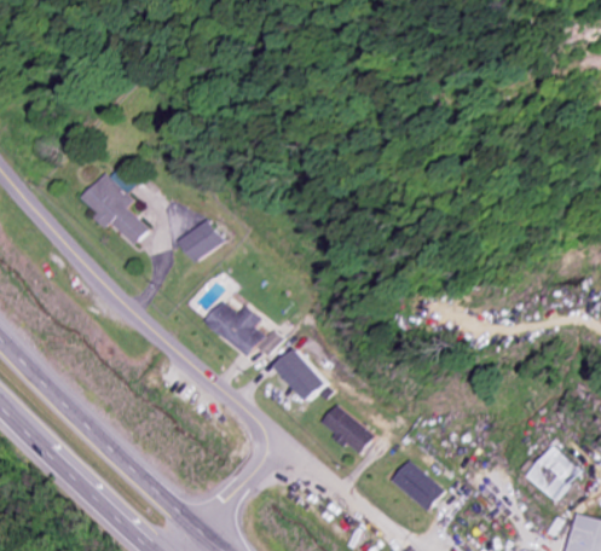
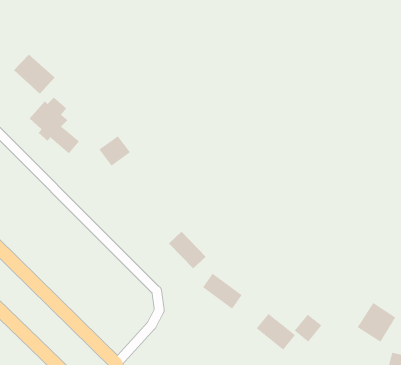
building: none -> [13,54,55,95]
building: [202,301,261,355] -> none
building: none -> [294,314,322,342]

